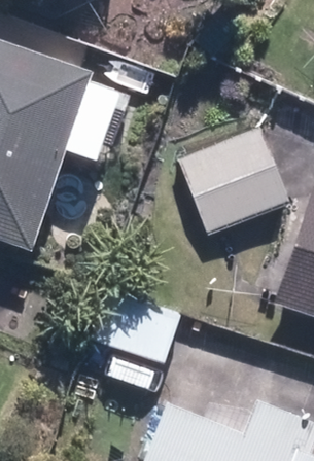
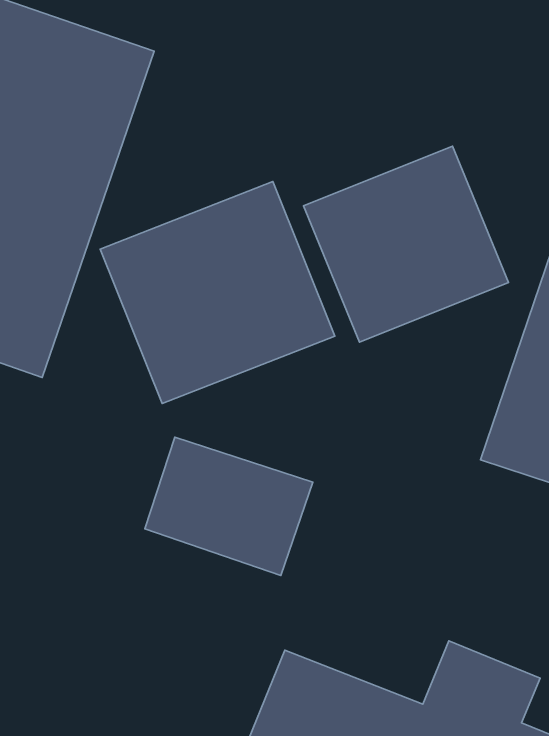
building: none -> [100,182,335,404]

